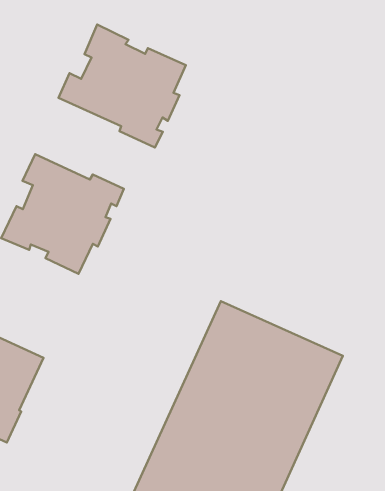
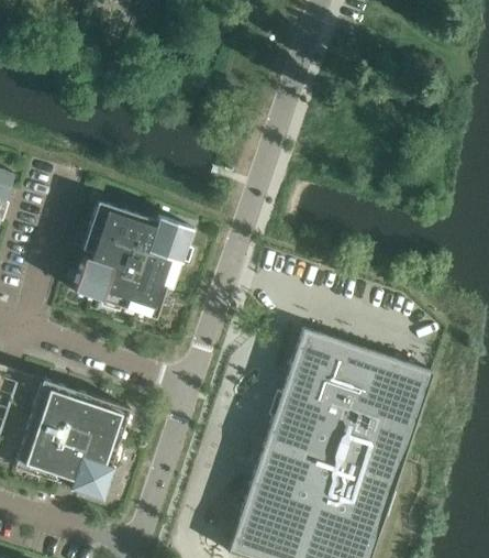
building: [59,25,186,147] -> none

